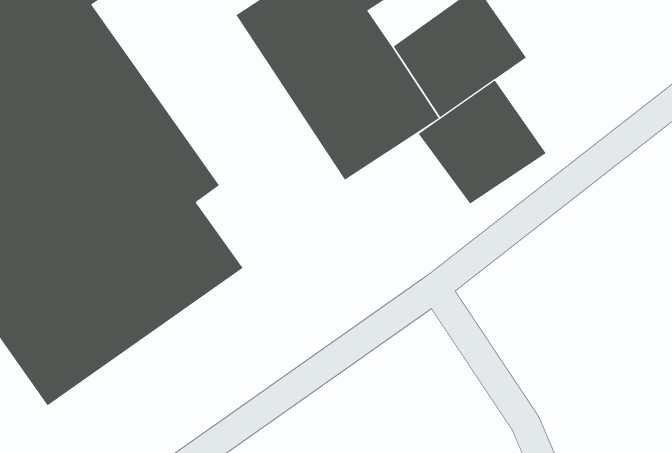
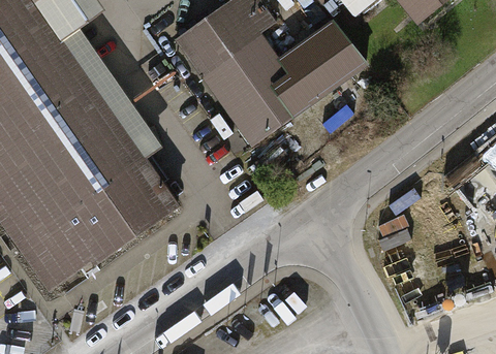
building: [418,80,546,204] -> none

